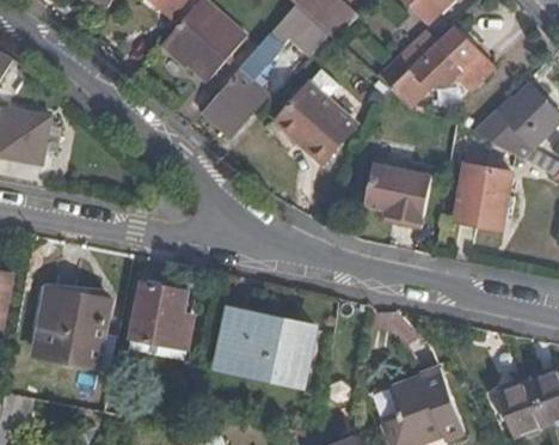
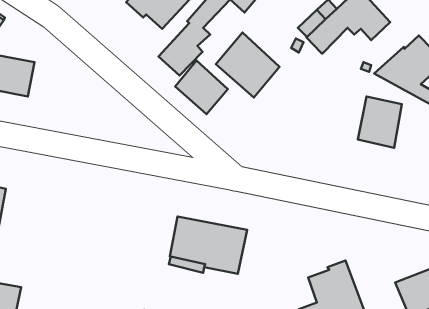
building: none -> [175,60,228,114]
building: [360,159,429,227] -> none
building: [129,281,194,350] -> none
building: [37,288,116,370] -> none

